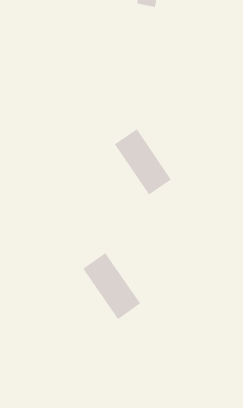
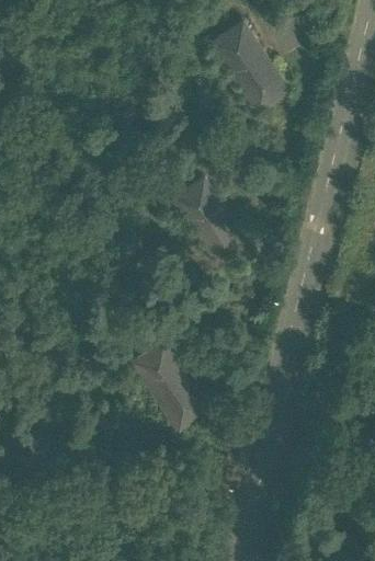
building: none -> [209,23,287,112]

